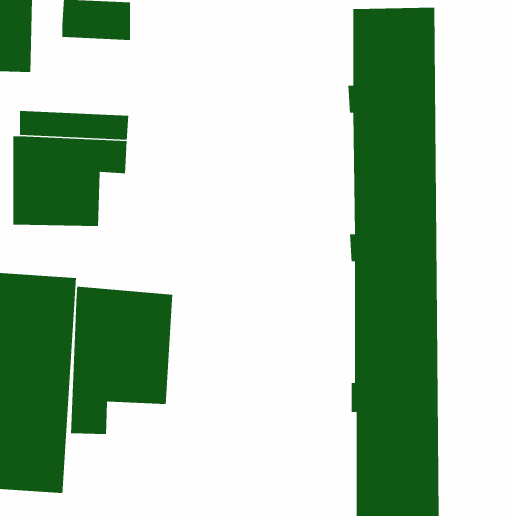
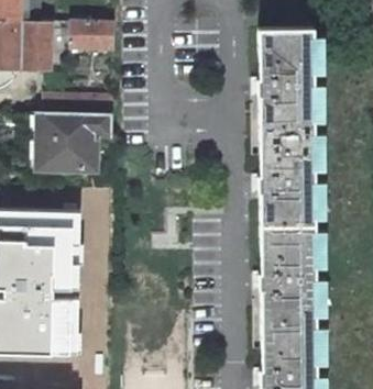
building: [70,286,173,435] -> none

